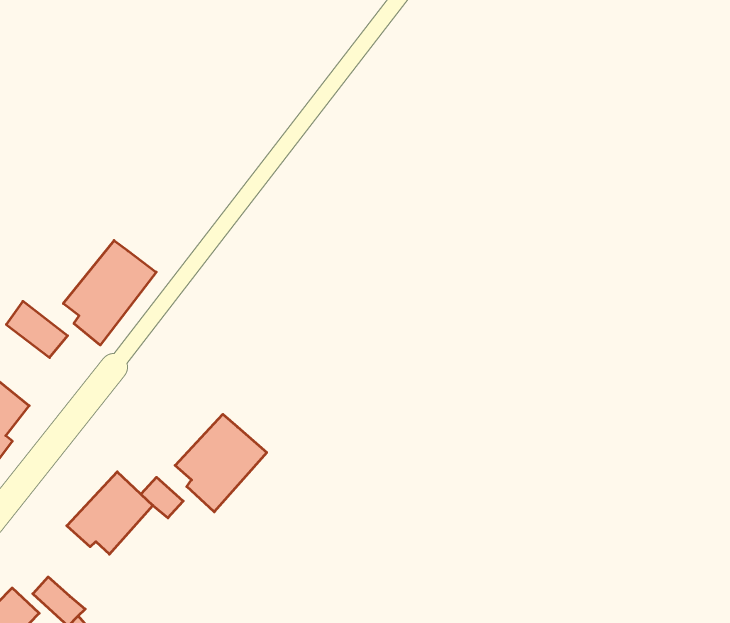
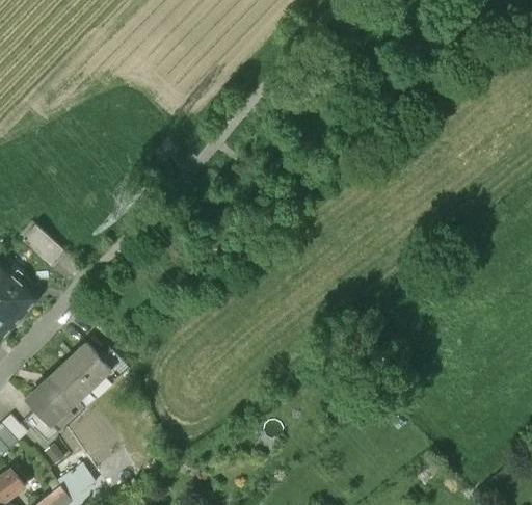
building: [63,240,156,345] -> none
building: [175,414,267,512] -> none
building: none -> [26,377,78,425]

